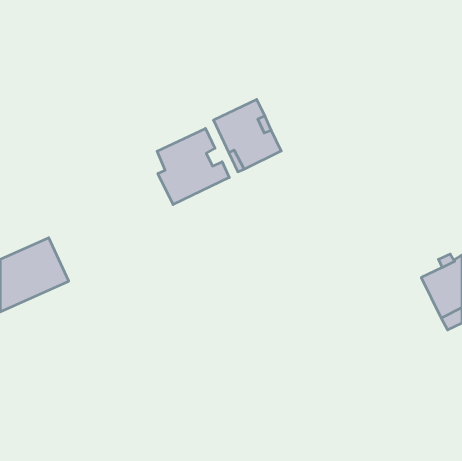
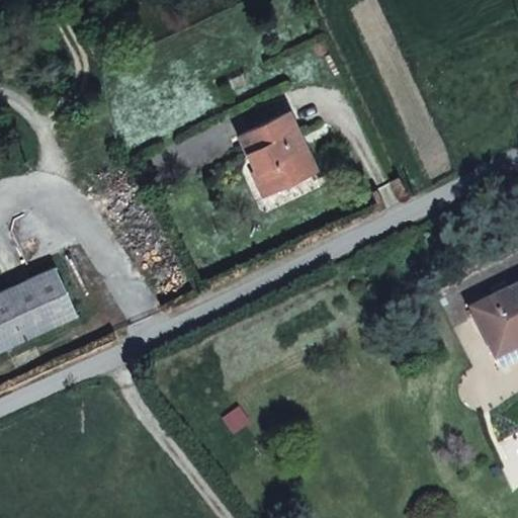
building: [157,128,229,205] -> none

